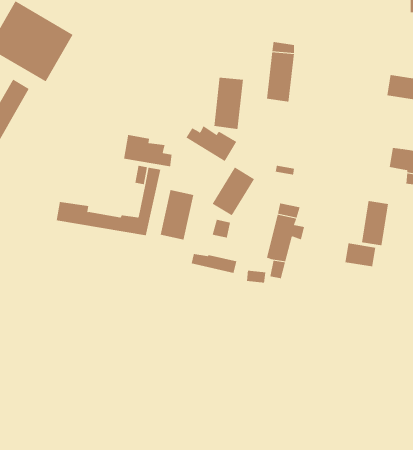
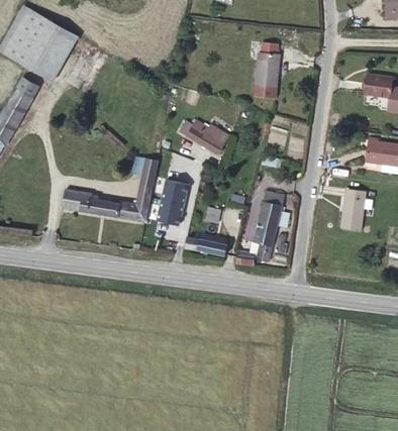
building: [214,77,244,130] -> none
building: [123,134,172,167] -> none
building: [212,167,255,216] -> none
building: [345,243,376,267] -> none

